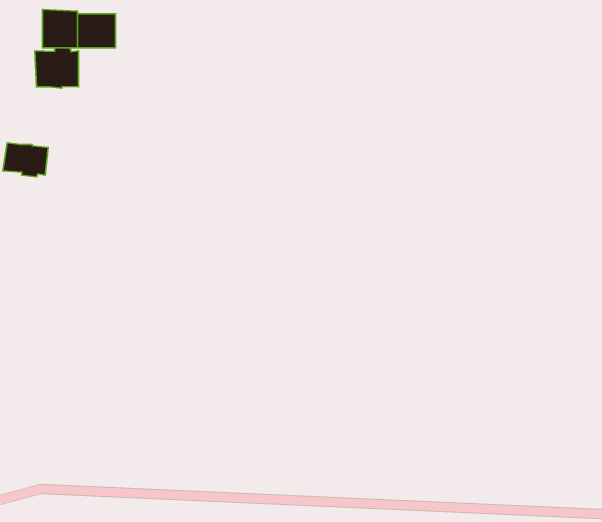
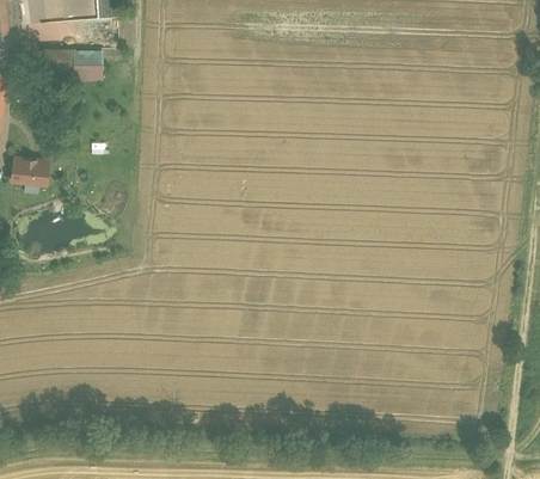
building: [35,48,79,88] -> none

